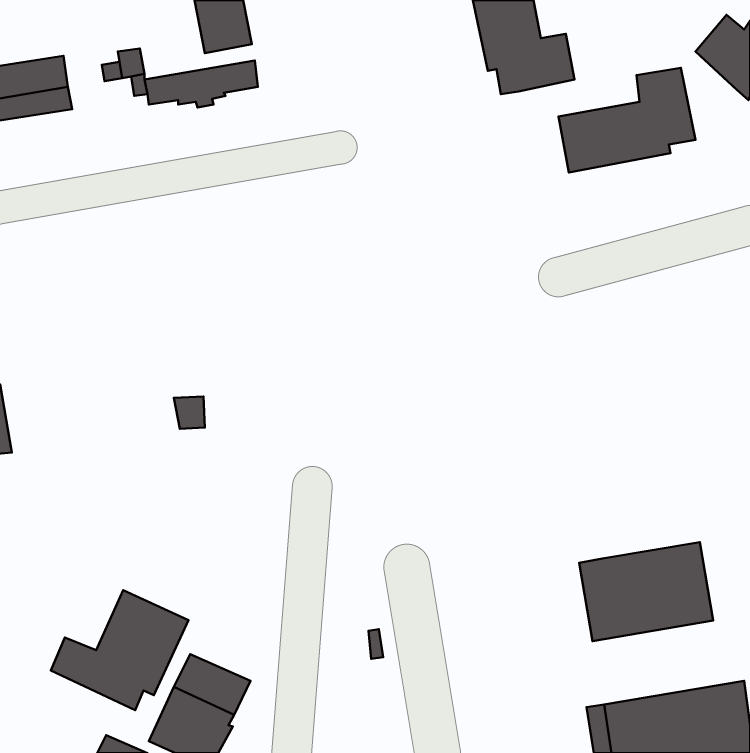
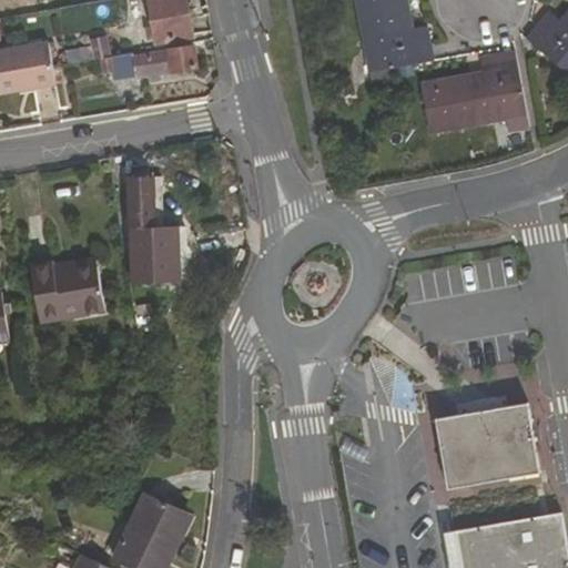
building: none -> [126,178,187,281]
building: none -> [30,260,105,322]
building: [51,590,189,710] -> none

